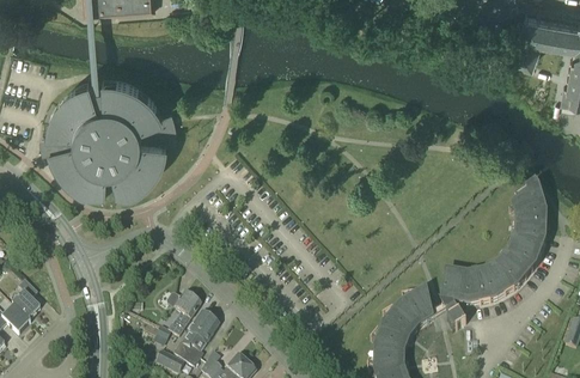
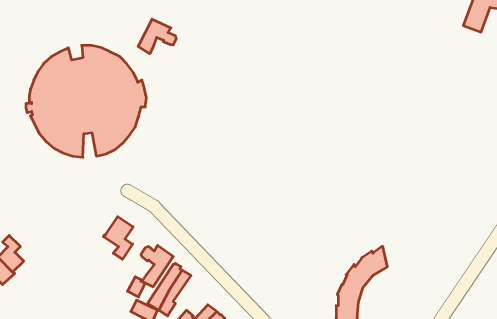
building: none -> [138,19,176,54]
building: [441,194,542,334] -> none
building: none -> [103,217,133,259]

